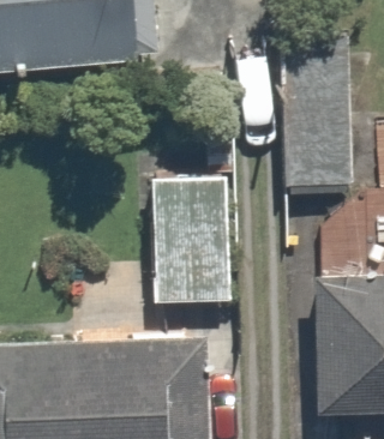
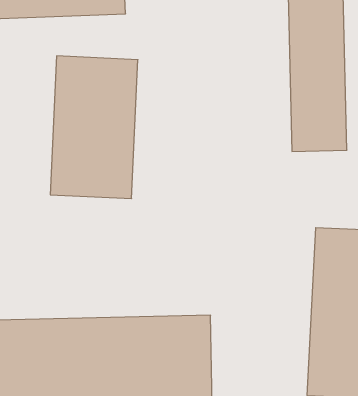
building: [150,168,234,305] -> [50,56,138,199]

